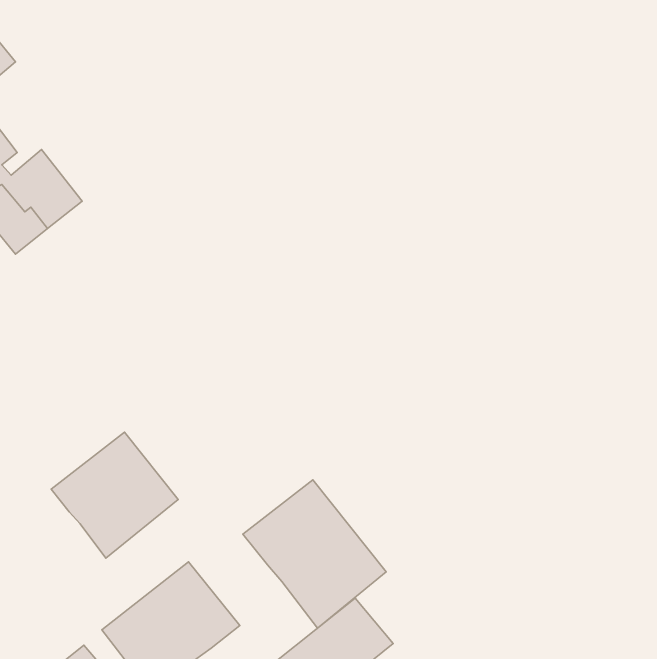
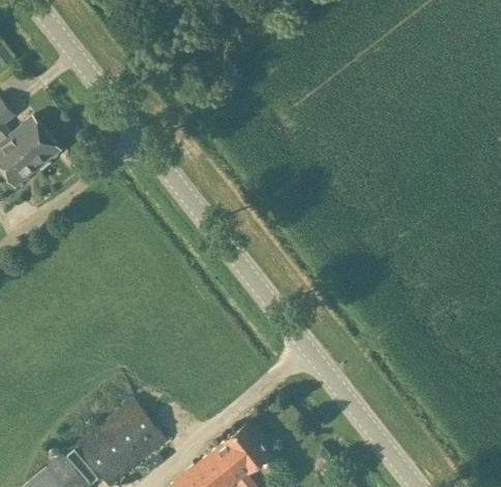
building: [51,432,178,558] -> none
building: [243,480,386,628] -> none

